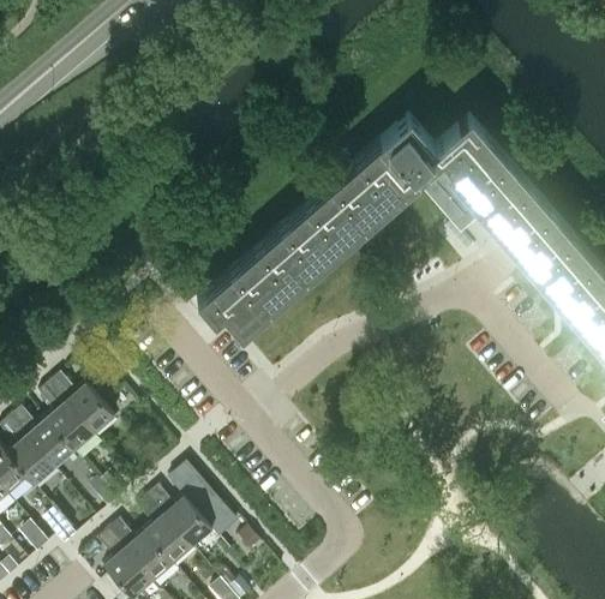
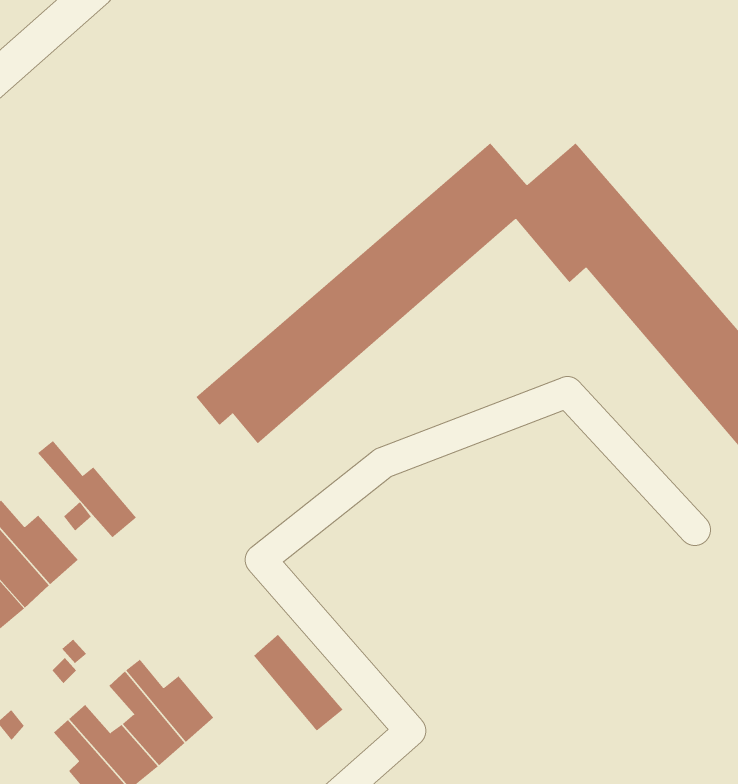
building: none -> [37,440,137,538]
building: [166,467,230,537] -> [253,634,344,731]

